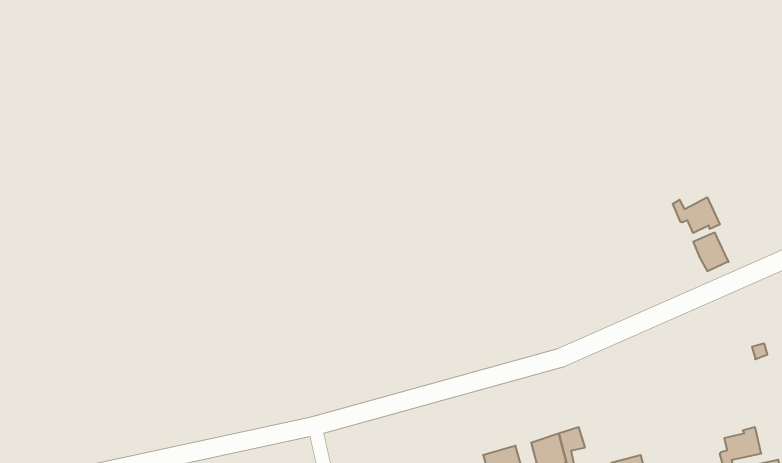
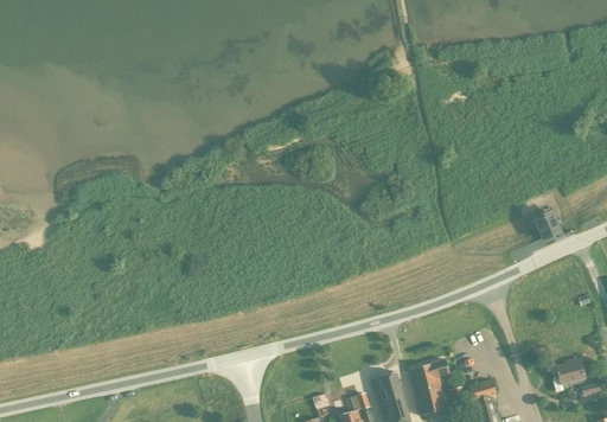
building: [673,197,720,233] -> none

